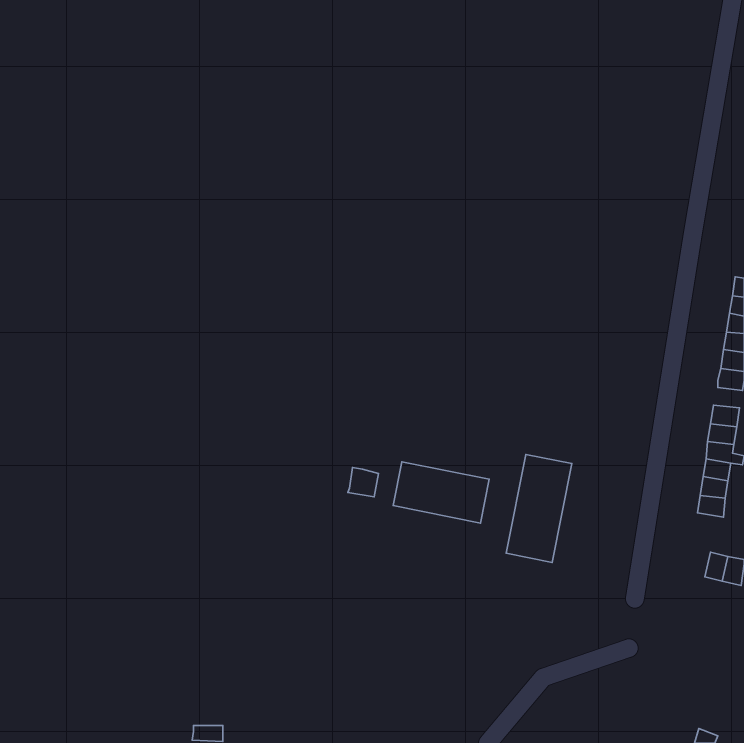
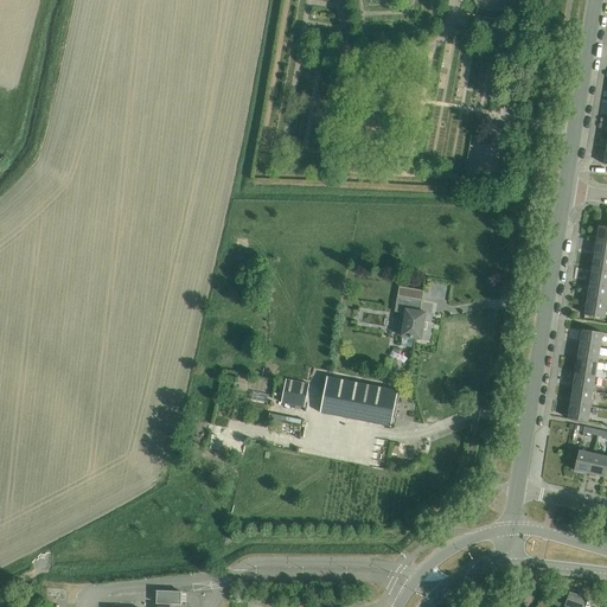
building: none -> [395,286,426,339]
building: [506,454,572,562] -> none

